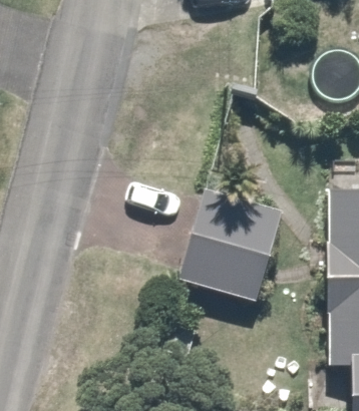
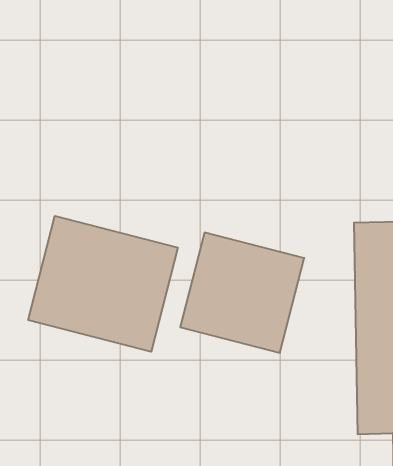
building: none -> [28,216,178,352]

